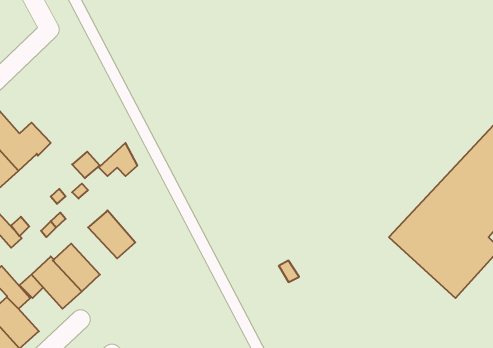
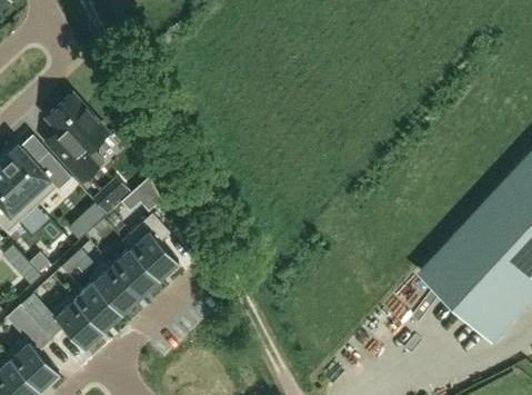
building: none -> [46,95,108,182]
building: none -> [122,214,179,280]
building: none -> [88,260,140,314]

